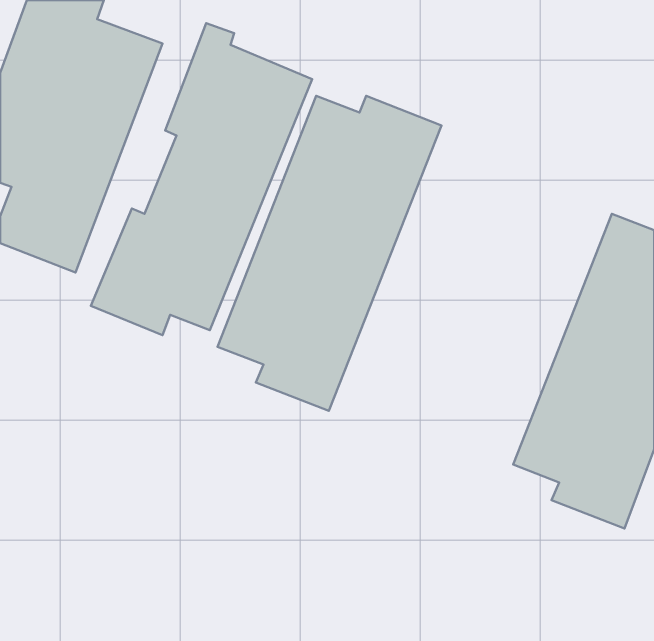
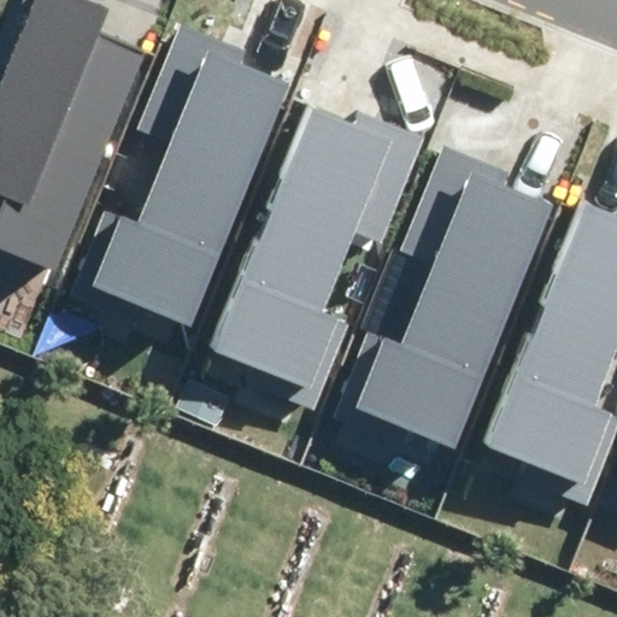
building: none -> [345,153,553,448]

